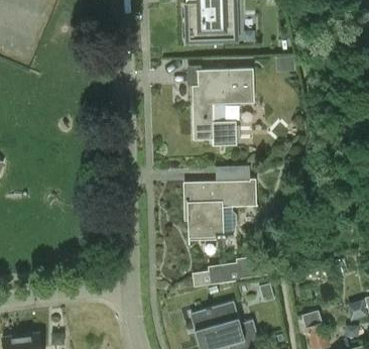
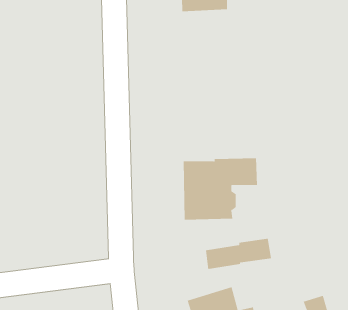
building: [191,68,252,144] -> none

